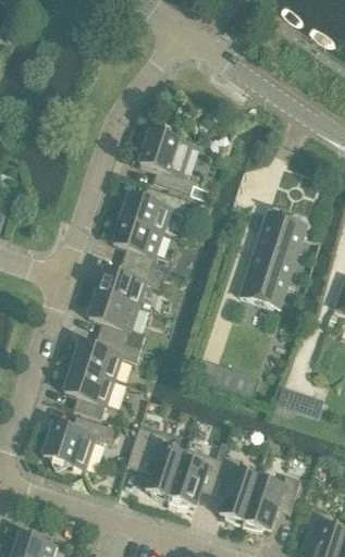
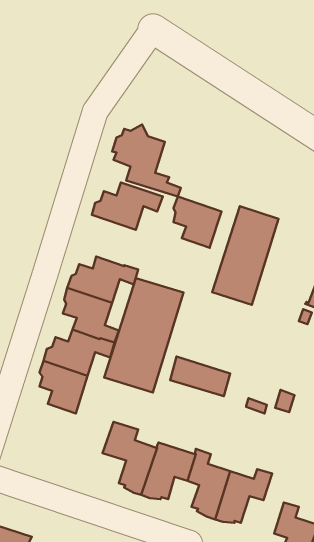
building: [113,218,162,270] -> [173,196,222,248]
building: none -> [104,278,183,392]
building: [42,414,119,469] -> none

